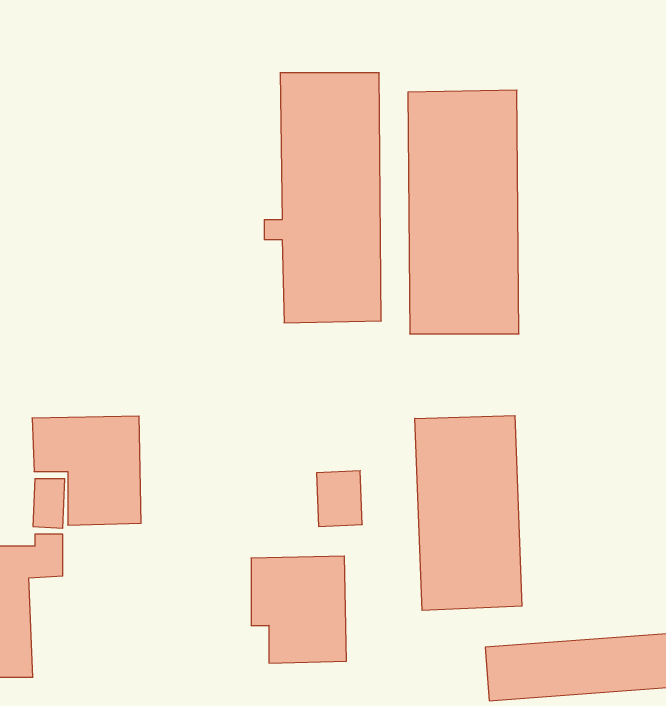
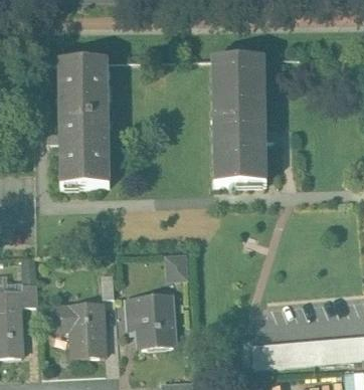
building: [264,73,381,323] -> [48,61,108,188]
building: [415,416,522,610] -> none
building: [32,416,141,525] -> [54,305,110,360]

